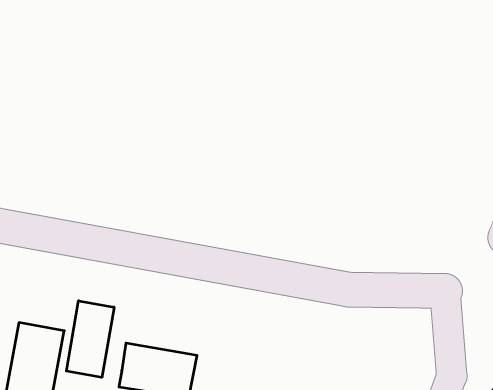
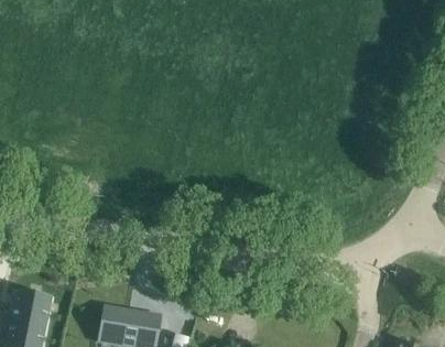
building: [66,301,114,377] -> none

